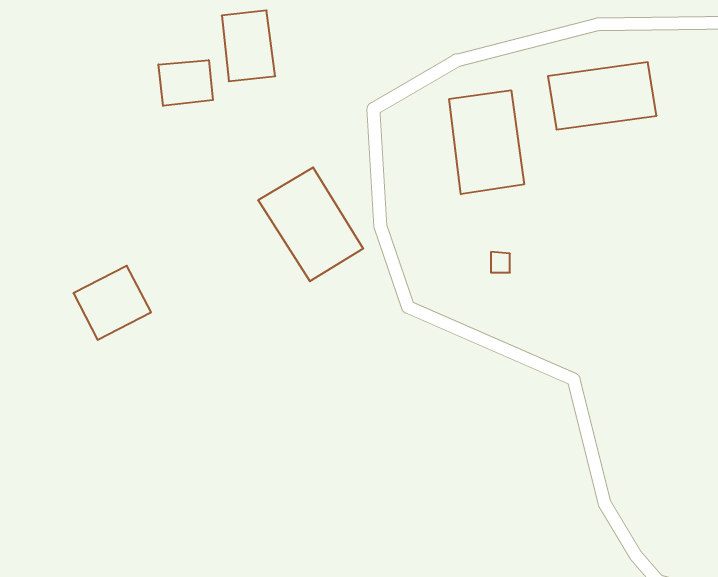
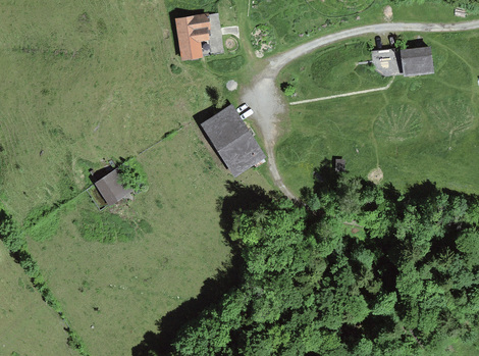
building: [158,60,213,106] -> none
building: [449,90,524,194] -> none

